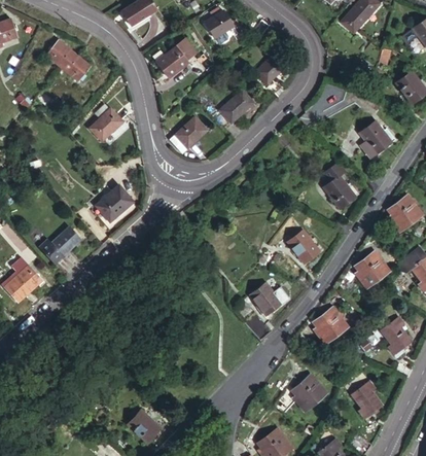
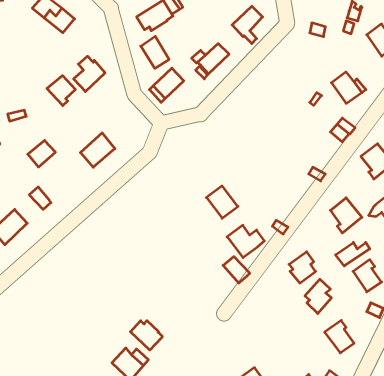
building: none -> [141,36,169,68]
building: none -> [47,76,75,106]
building: [322,164,354,208] -> none
building: [51,226,80,254] -> [28,140,55,167]
building: [286,230,319,264] -> [206,186,238,218]
building: none -> [336,242,370,266]
building: [291,373,319,409] -> [305,279,331,314]
building: none -> [130,321,162,350]

